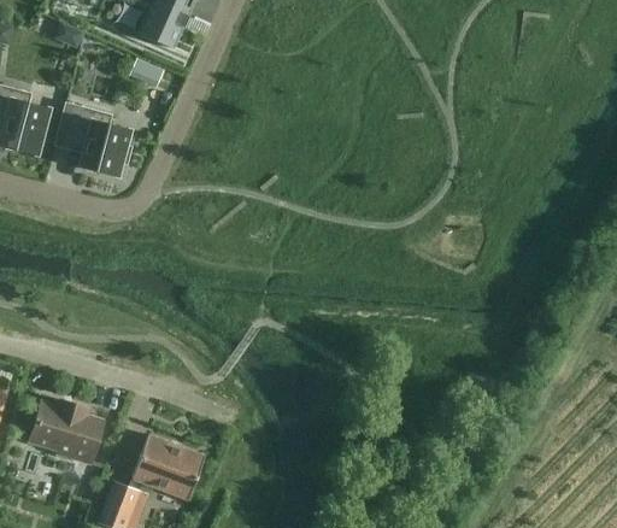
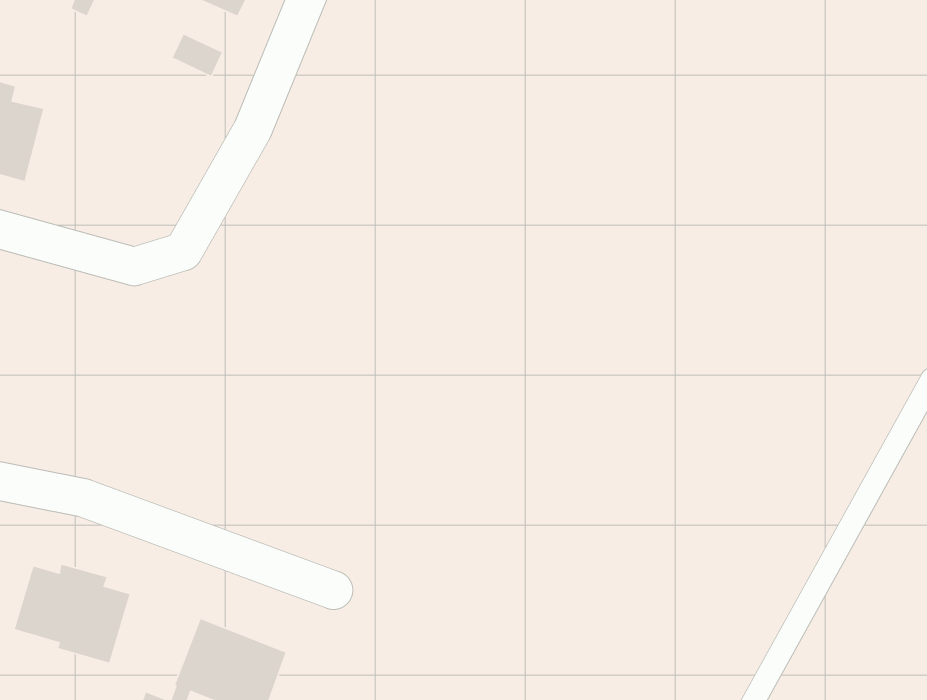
building: [54,104,131,176] -> none

